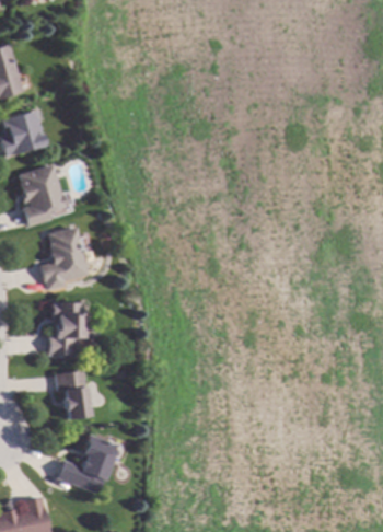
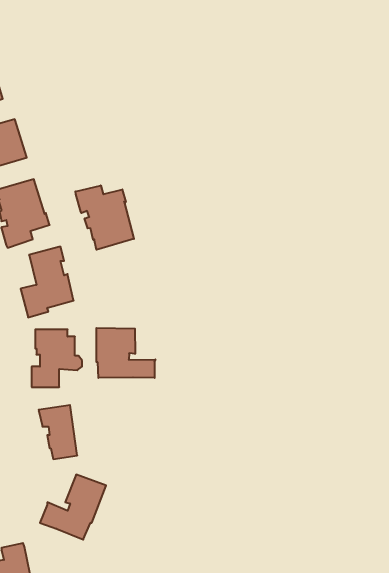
building: none -> [75,185,134,250]
building: none -> [96,328,155,378]

